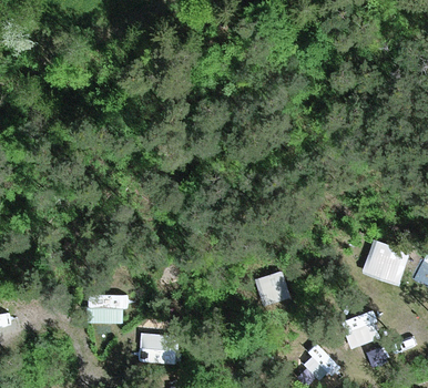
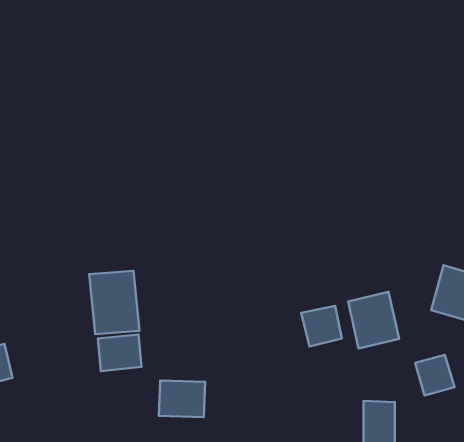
building: none -> [89,271,139,334]
building: none -> [348,292,399,348]

